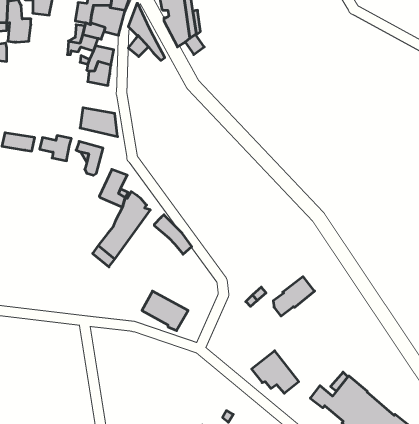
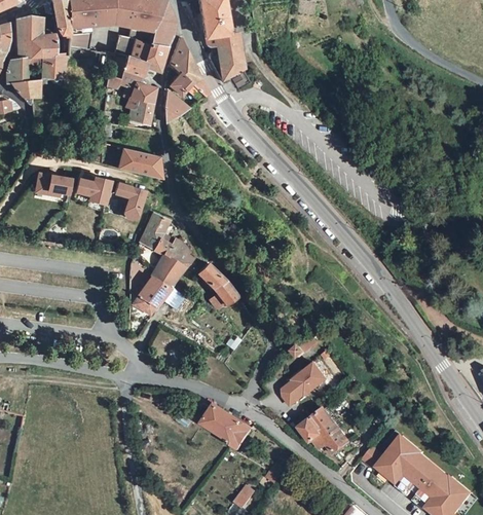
building: none -> [164,90,186,123]
building: [273,277,315,316] -> [285,363,329,405]
building: [142,291,188,331] -> [205,405,254,447]

